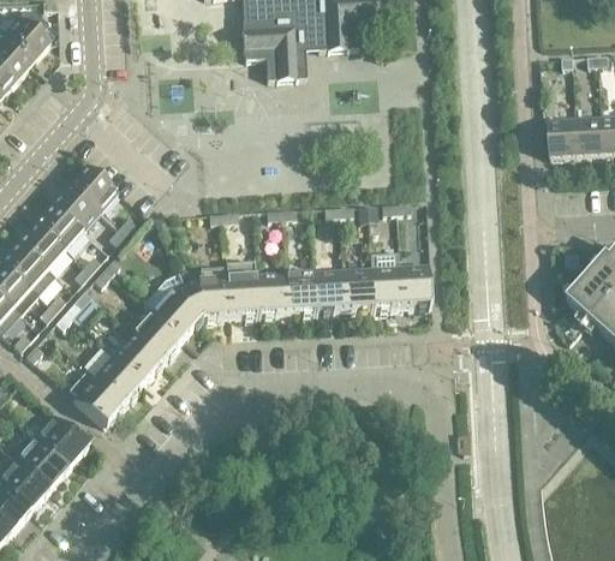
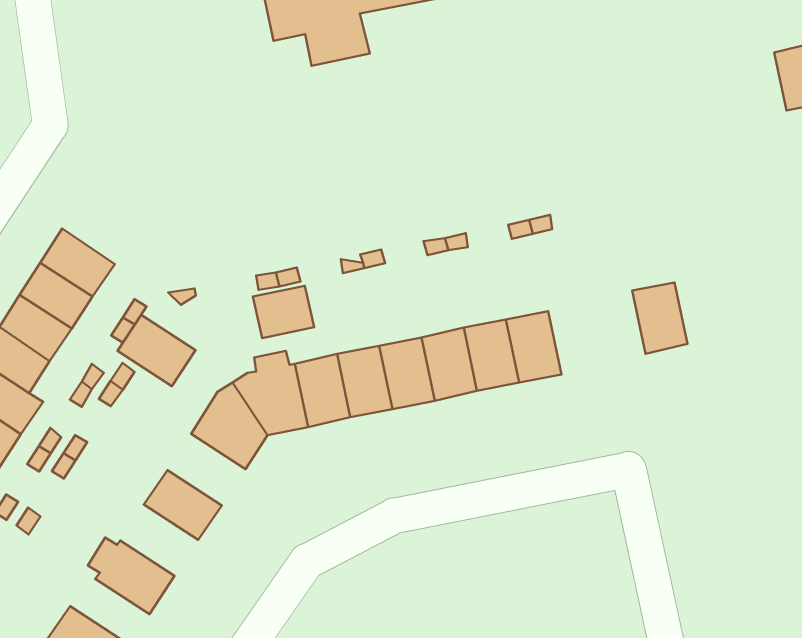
building: [548,117,577,157] -> none
building: none -> [253,286,314,338]
building: [399,264,430,309] -> [632,282,687,354]
building: [131,311,183,362] -> [118,315,196,386]
building: [83,346,144,404] -> none

